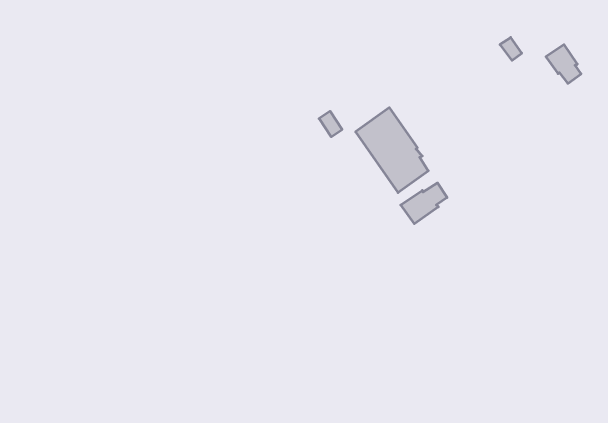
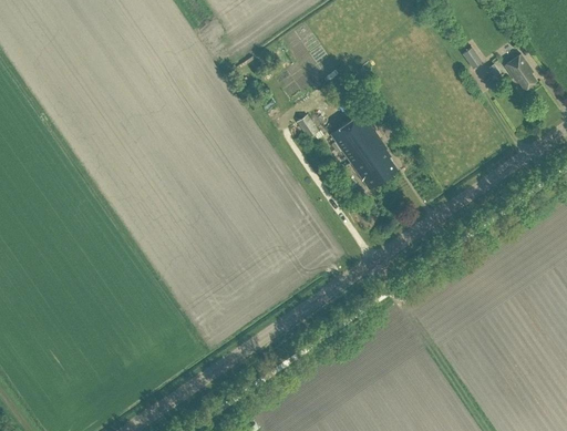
building: [401,183,447,224] -> none

